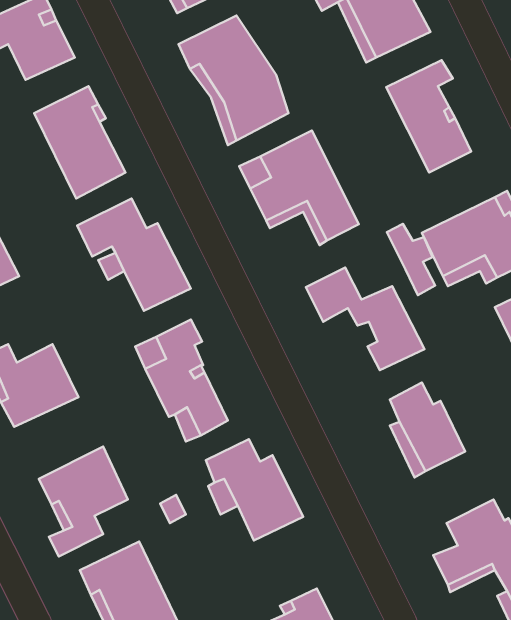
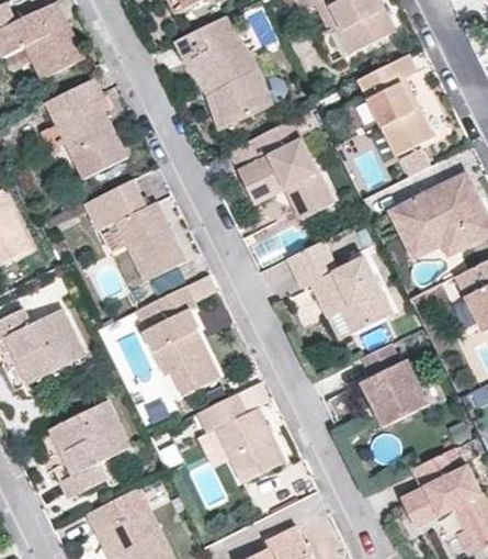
building: [387,224,435,295] -> [310,277,353,340]

